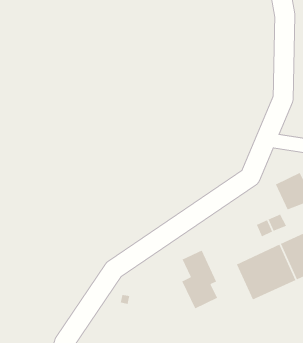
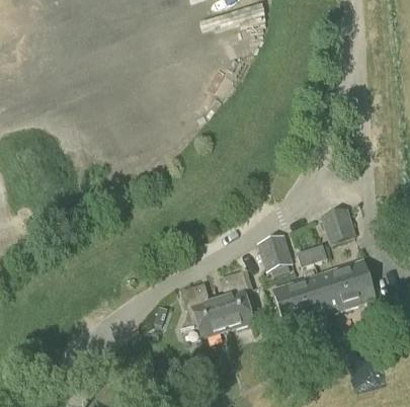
building: none -> [257,234,294,270]
building: none -> [182,283,228,336]

